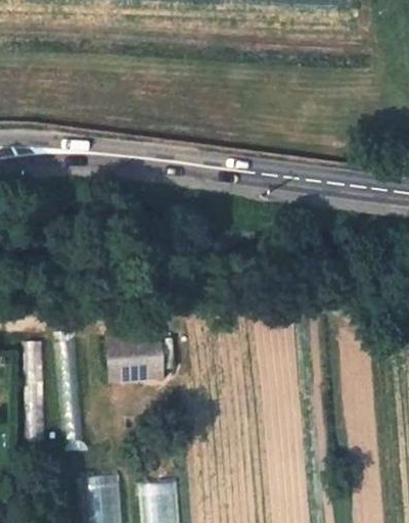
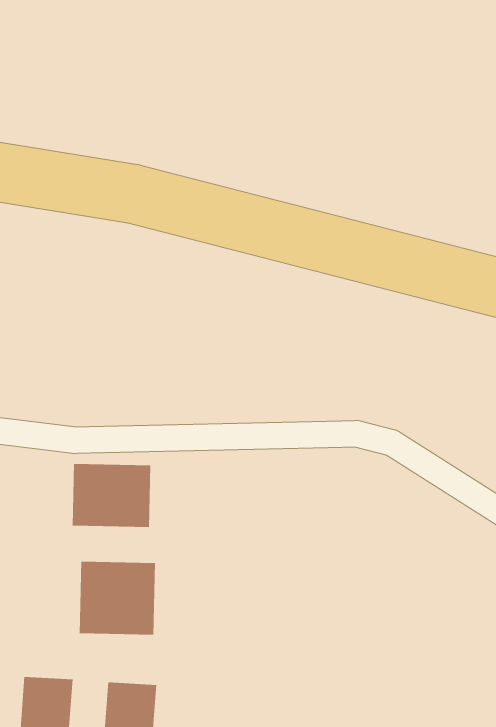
building: none -> [79,561,155,635]

